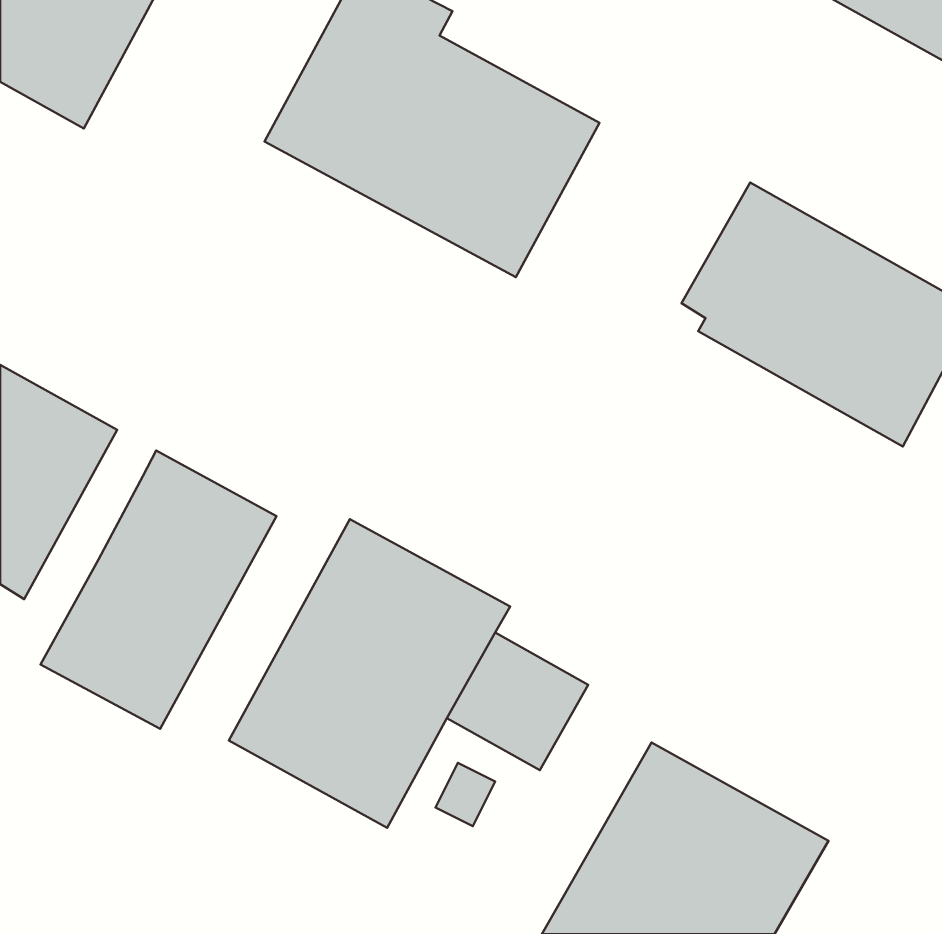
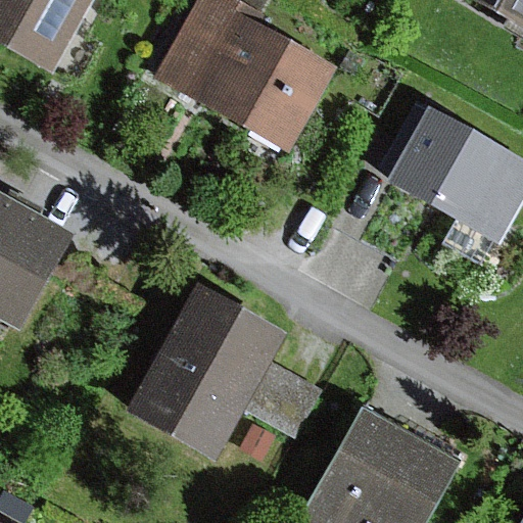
building: [41,451,277,729] -> none

